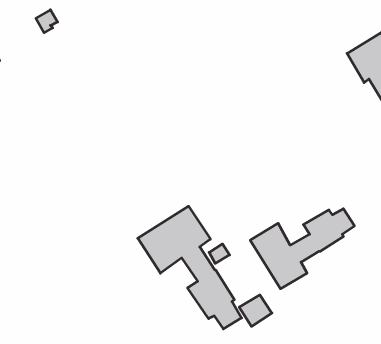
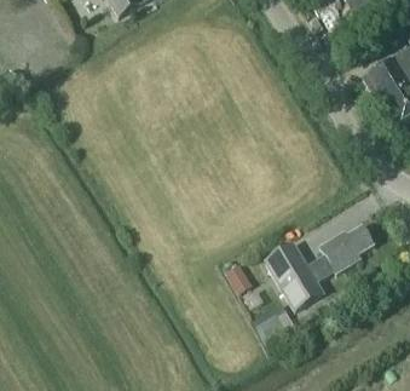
building: [138,206,242,329] -> none

